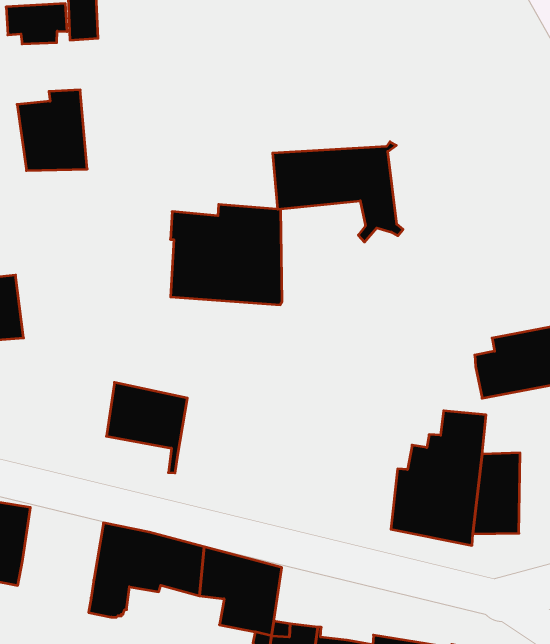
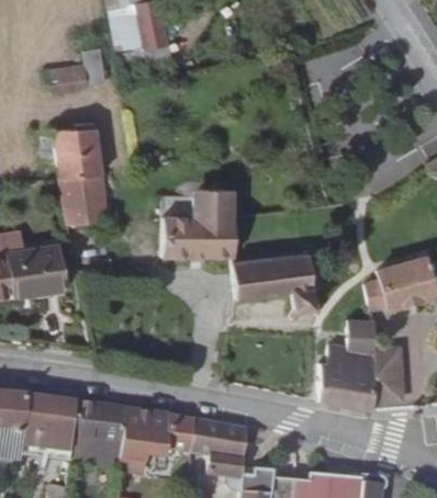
building: [273,142,403,242] -> [232,250,322,318]
building: none -> [63,172,105,253]
building: [106,382,187,473] -> [75,400,127,459]

